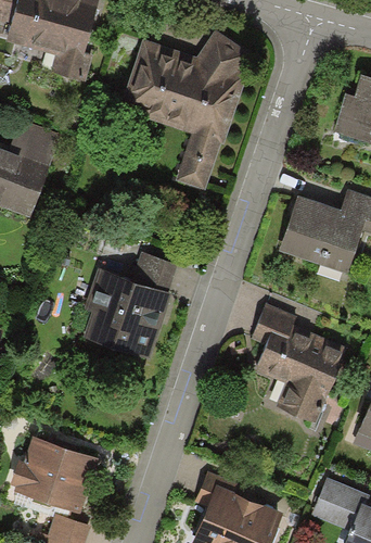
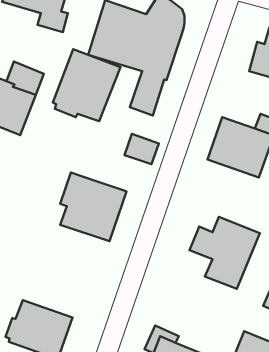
building: none -> [53,49,120,121]
building: [131,251,177,291] -> [125,134,159,164]
building: [251,303,297,346] -> none

